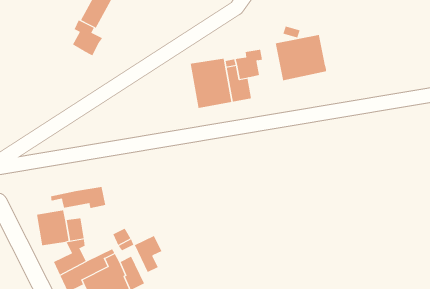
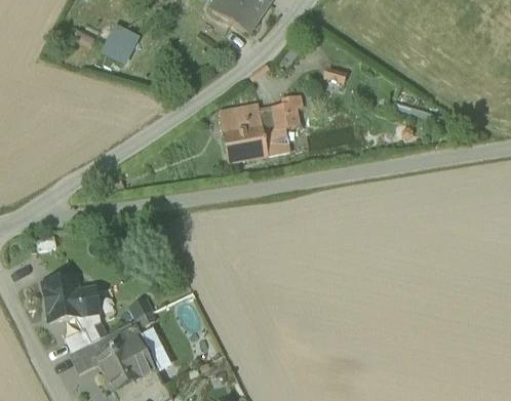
building: [72,20,103,56] -> none
building: [275,34,327,81] -> none
building: [51,186,106,209] -> none
building: [134,235,162,273] -> none

